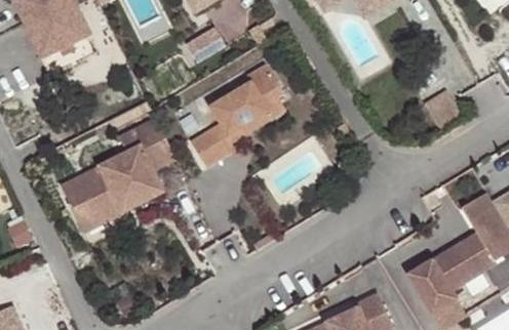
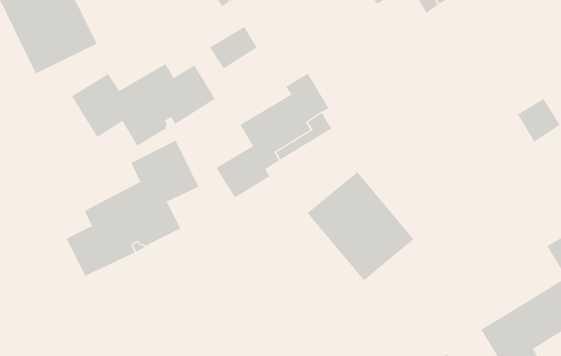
building: none -> [71,63,216,147]
building: none -> [307,171,414,281]

